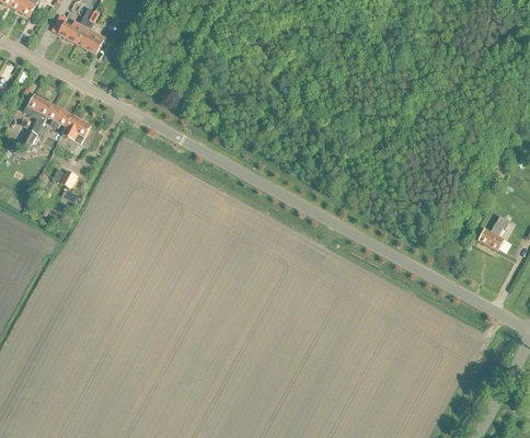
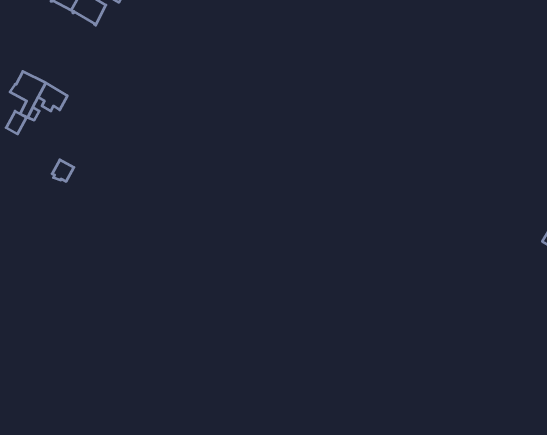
building: [61,115,91,145] -> none

